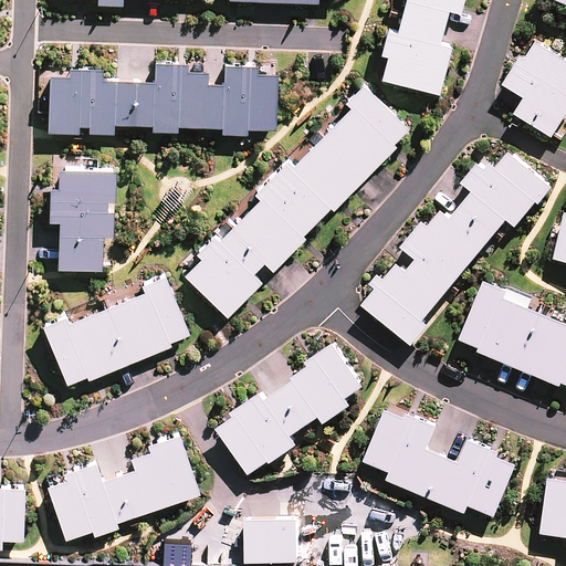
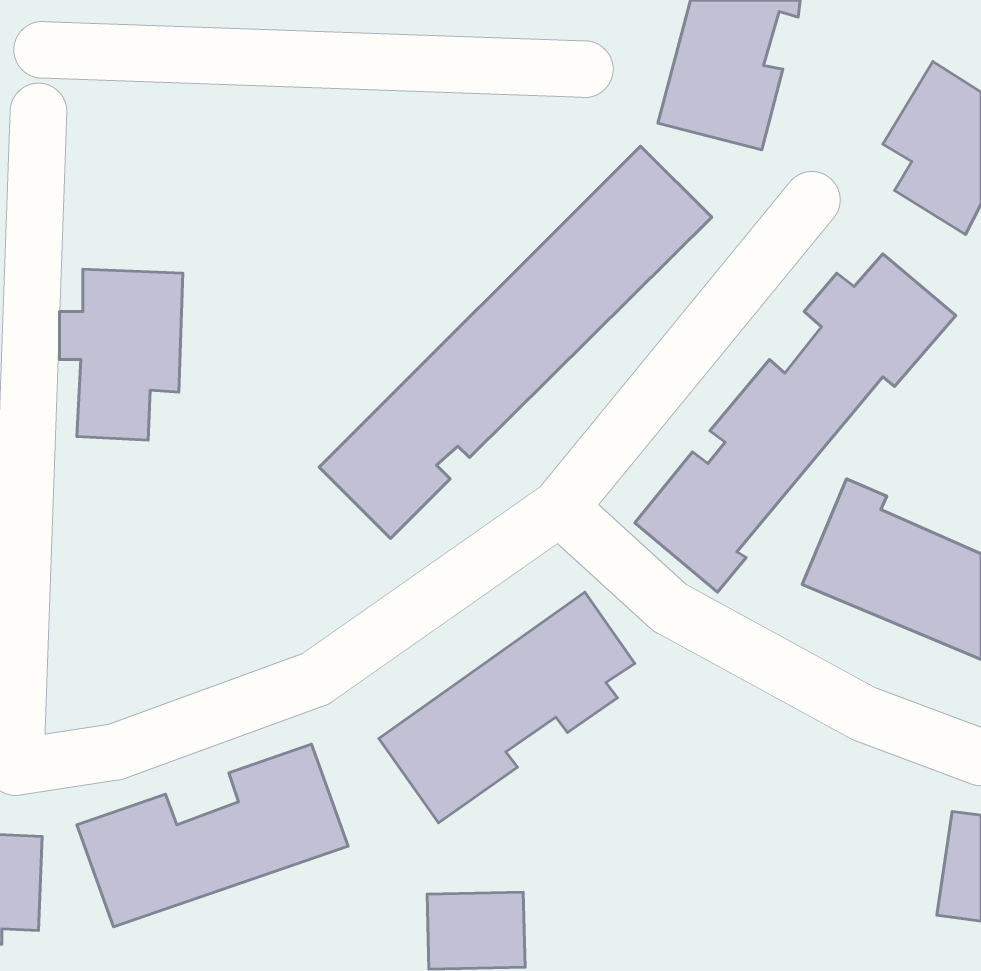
building: [40,52,262,126] -> none
building: [42,276,189,386] -> none
building: [365,407,518,517] -> none

